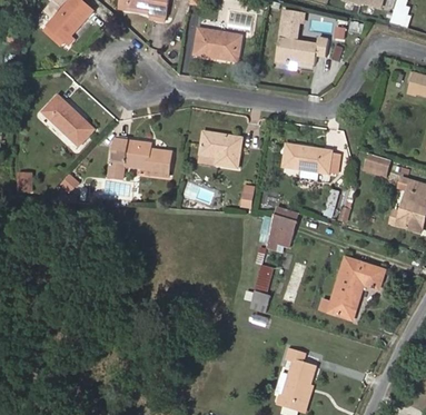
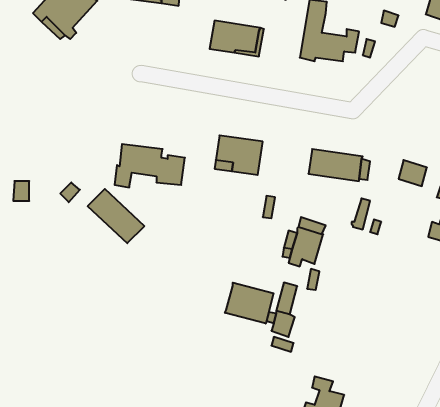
building: [42,96,93,145] -> [88,189,144,243]
building: [319,257,384,318] -> none
building: none -> [225,283,274,324]

